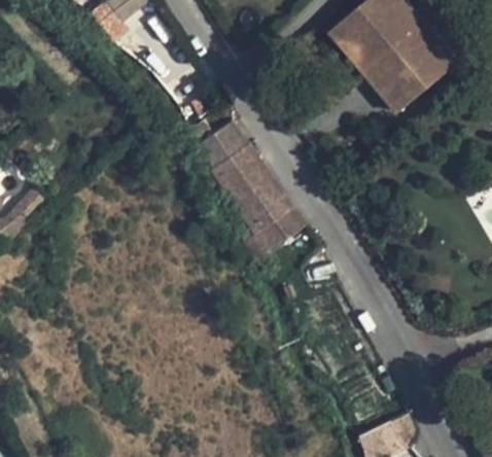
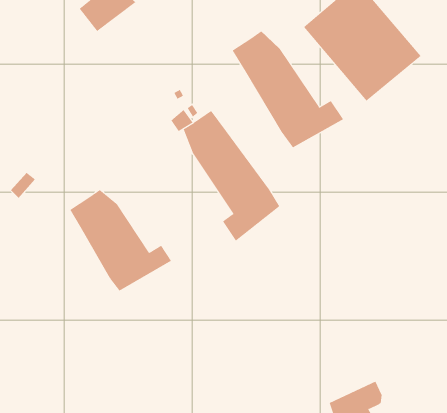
building: none -> [232,31,344,148]
building: none -> [69,189,172,292]

